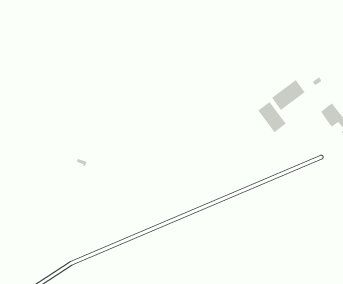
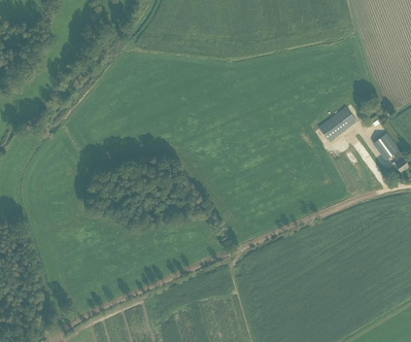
building: [257,101,286,133] -> none

